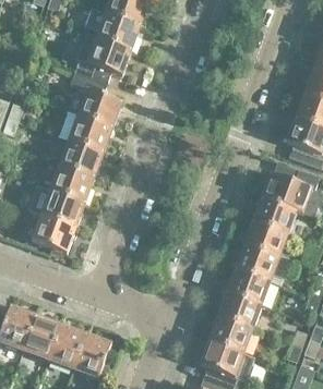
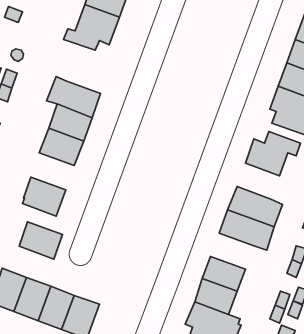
building: [69,71,120,126] -> none
building: [39,187,84,226] -> [19,222,62,259]
building: [252,198,296,235] -> none
building: [225,270,270,307] -> none

